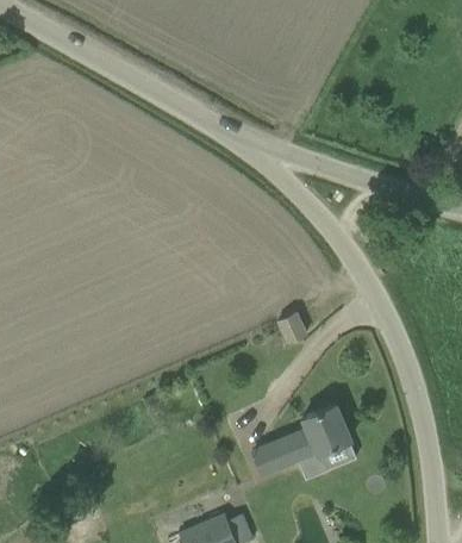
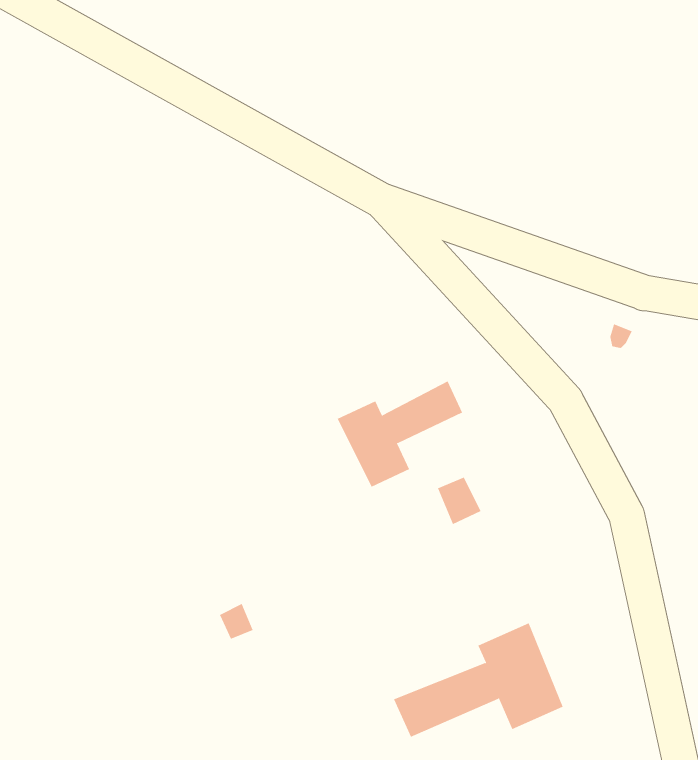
building: none -> [337,380,463,487]

